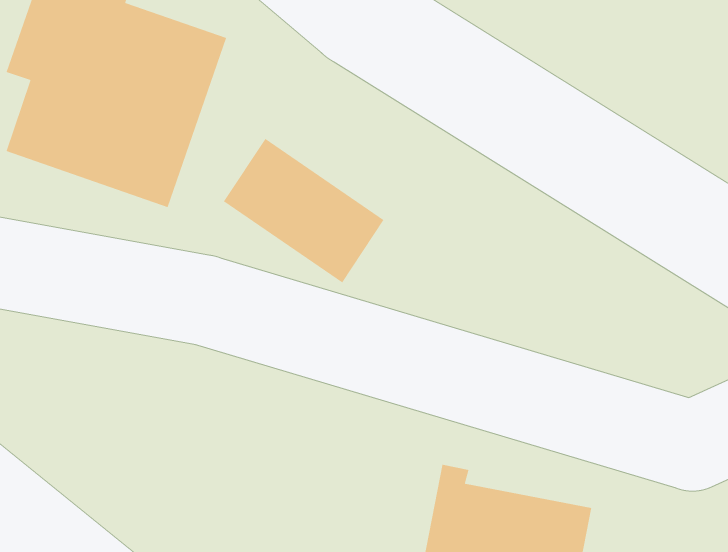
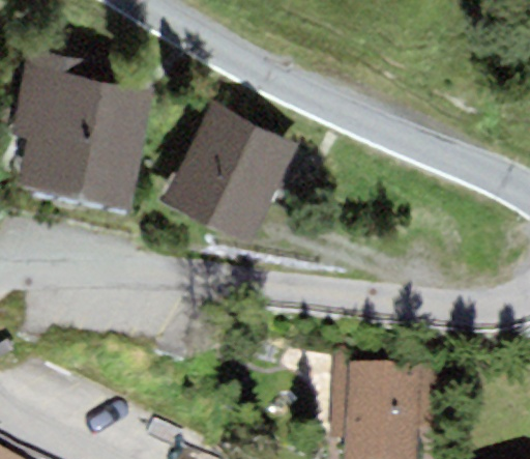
building: none -> [187,105,299,197]

